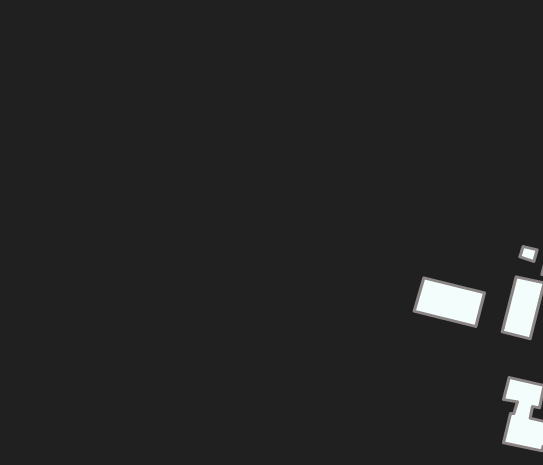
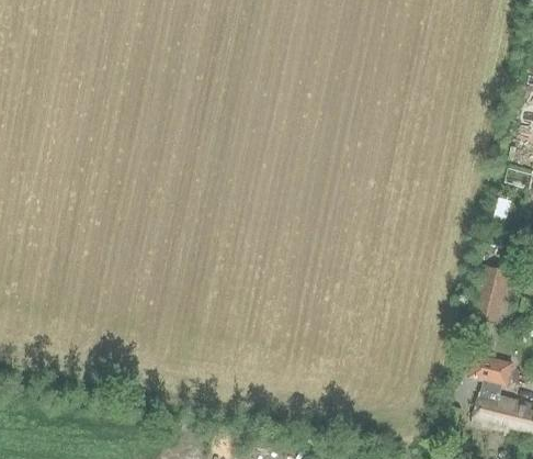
building: [414,278,484,326] -> none

